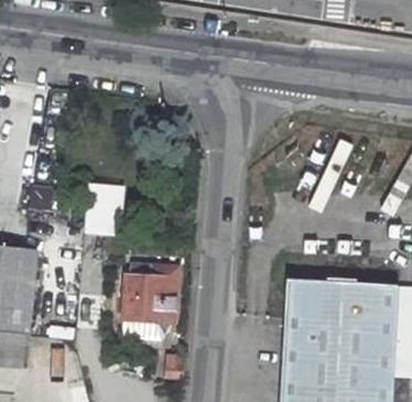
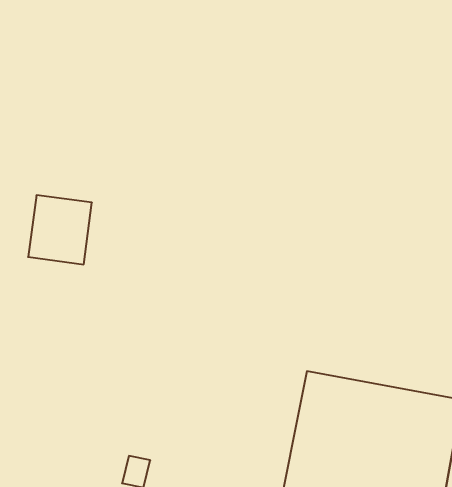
building: [122,264,177,339] -> none

